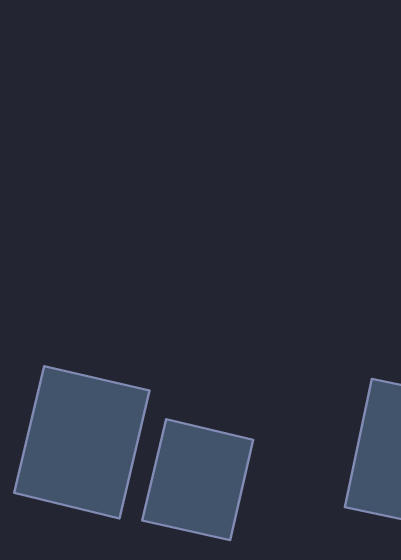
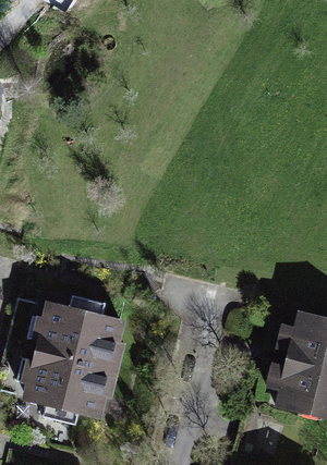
building: [142,419,253,540] -> none

